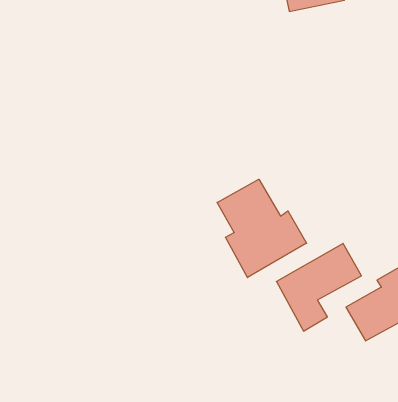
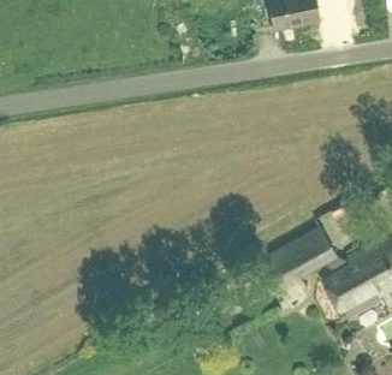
building: [217,179,307,278] -> none

